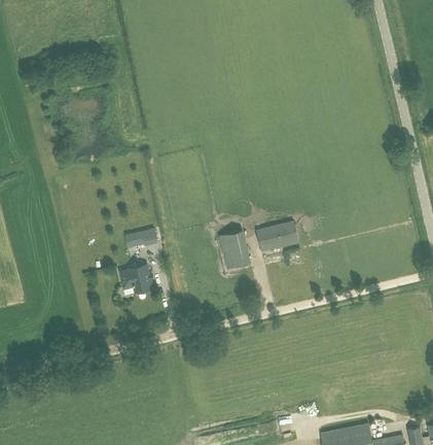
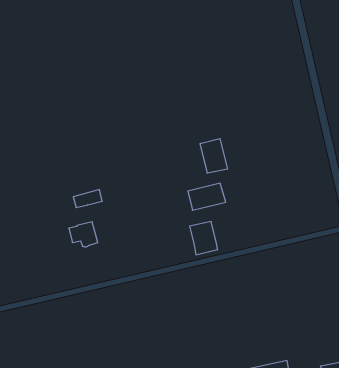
building: none -> [200,139,227,173]
building: [219,231,251,269] -> [190,222,218,255]

